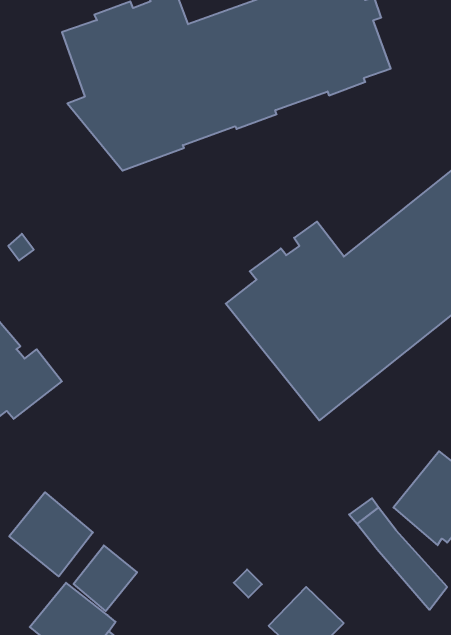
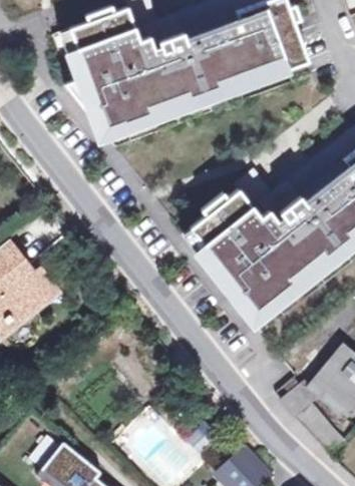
building: [9,492,93,576] -> none
building: [74,545,137,611] -> none

